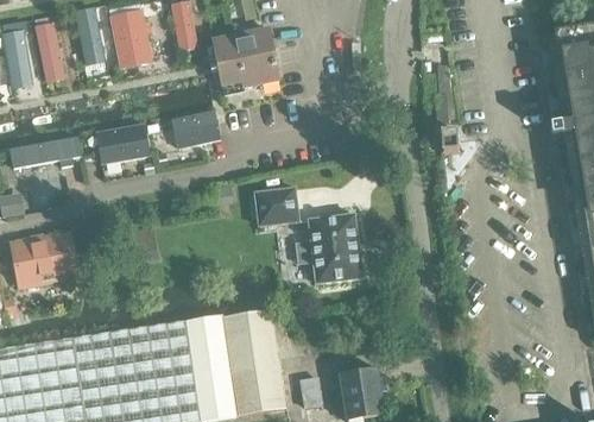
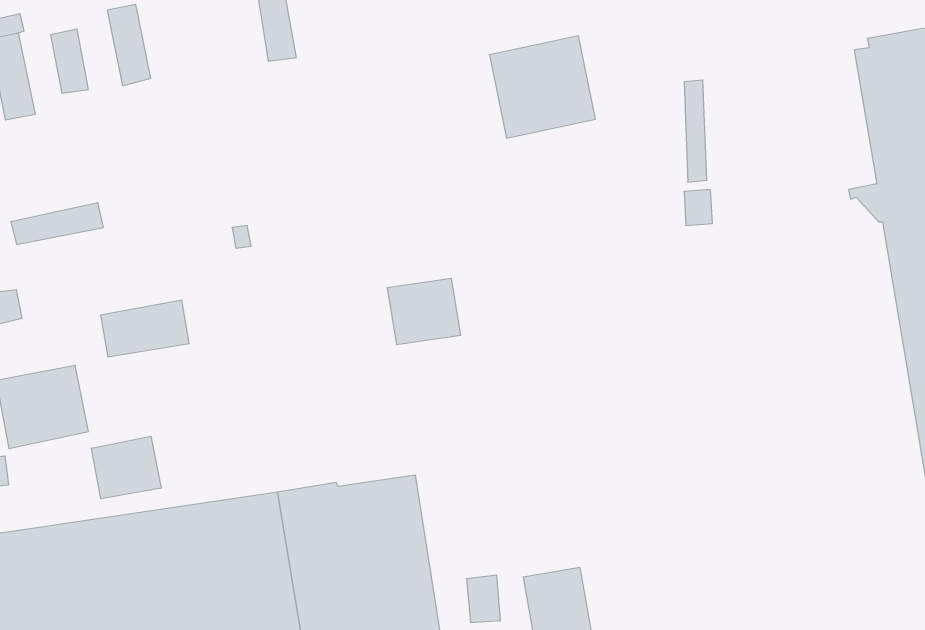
building: [110,20,152,68] -> none
building: [211,27,278,92] -> [489,36,595,138]
building: [172,111,220,147] -> none
building: [95,127,151,163] -> [100,300,189,357]
building: [293,212,361,284] -> none
building: none -> [91,436,161,499]

